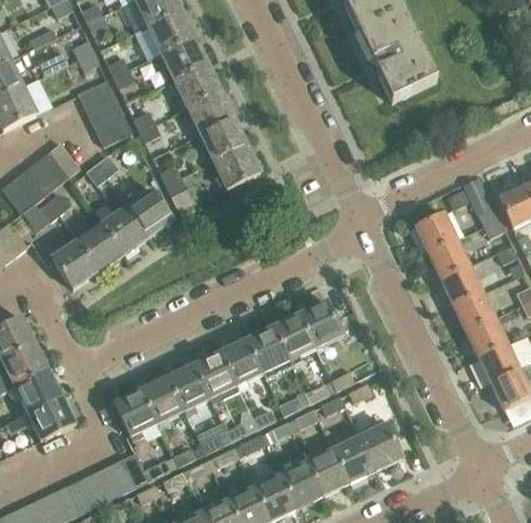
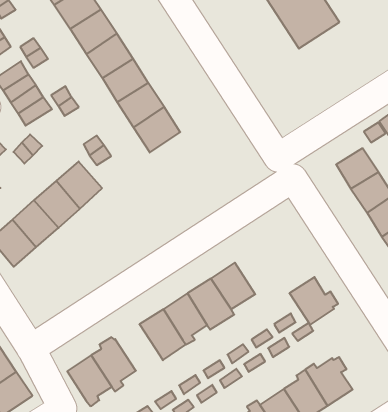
building: [299,300,347,348] -> [289,277,338,325]
building: [167,364,210,416] -> none

